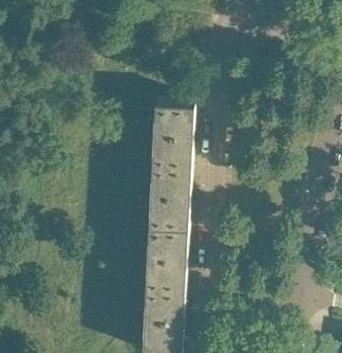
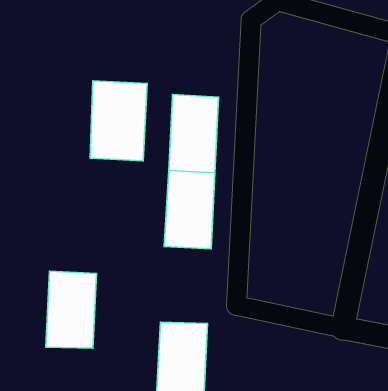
building: none -> [90,81,147,161]
building: [146,224,189,289] -> [46,271,96,348]

